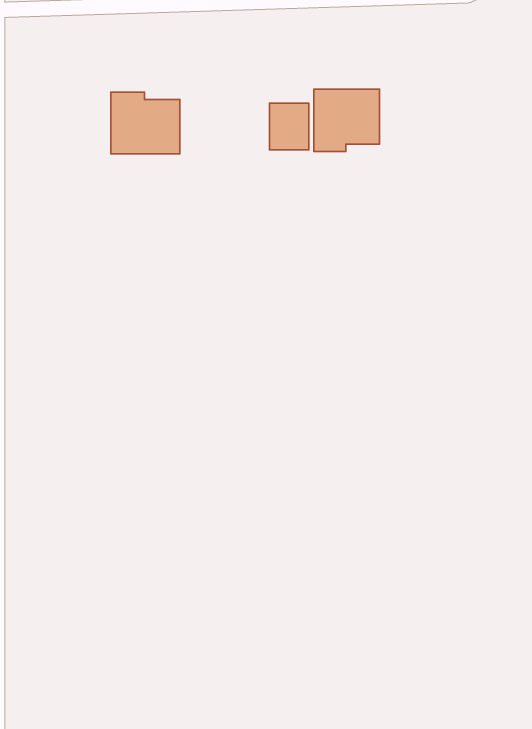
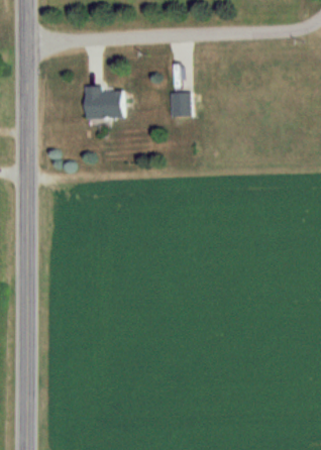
building: [314,89,379,152] -> none

